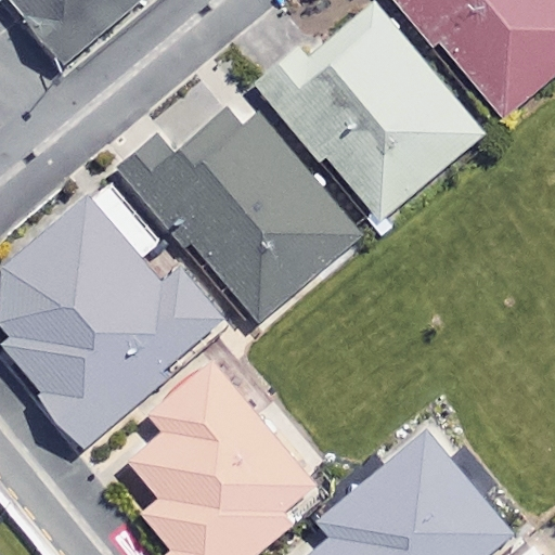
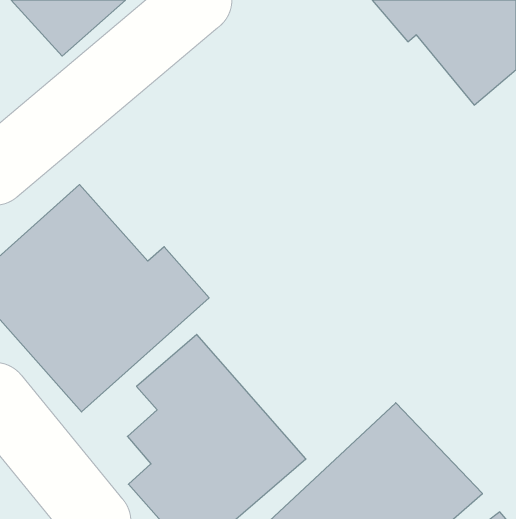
building: [281,7,482,221] -> none
building: [122,103,358,320] -> none

